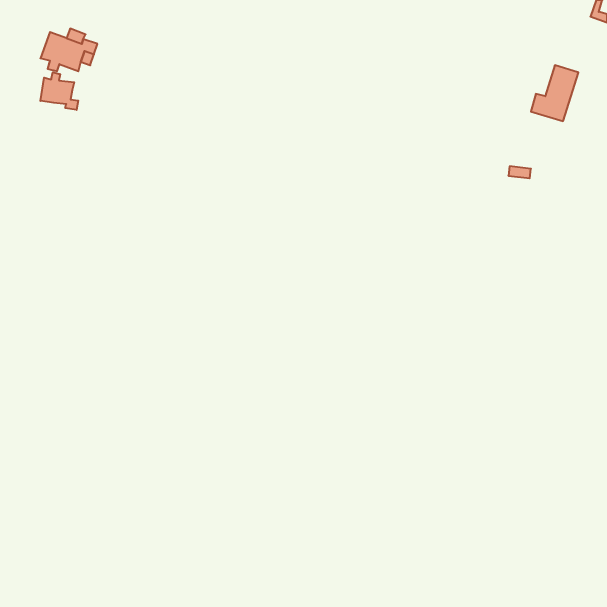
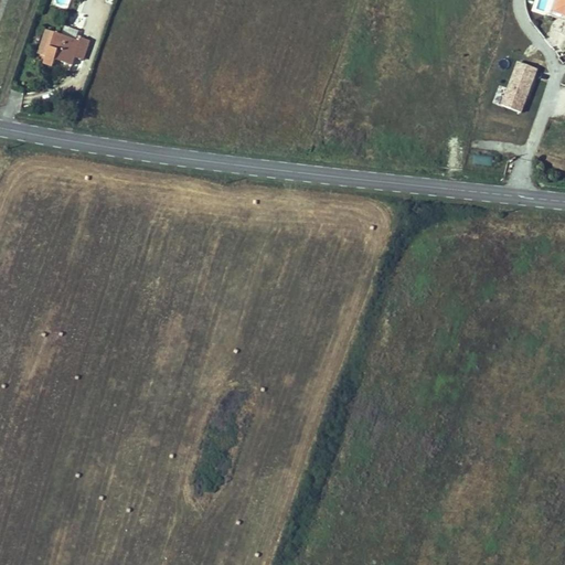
building: [40,72,78,110] -> none

